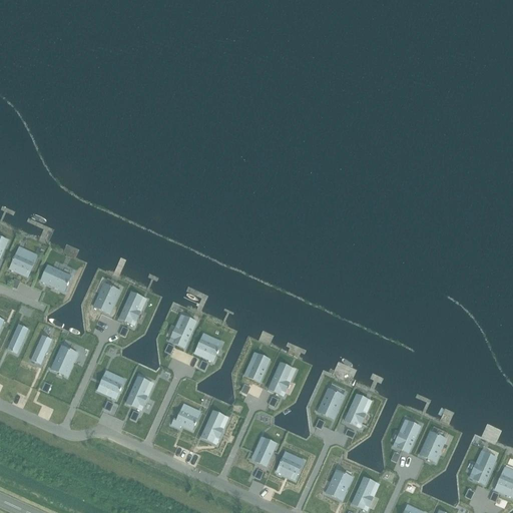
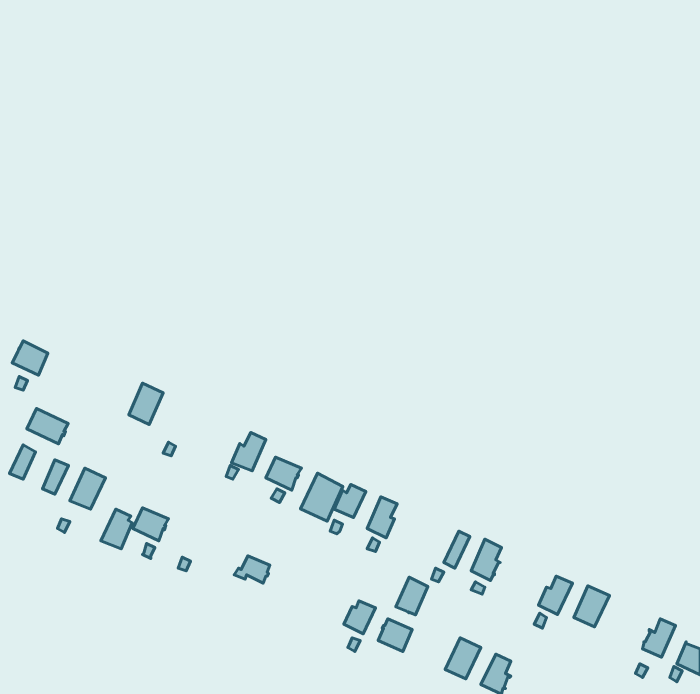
building: [41,263,71,289] -> [27,408,68,444]
building: [119,293,141,323] -> none
building: none -> [301,473,343,521]
building: [126,378,149,407] -> [101,509,132,549]
building: [201,412,224,441] -> none
building: none -> [396,577,428,615]

